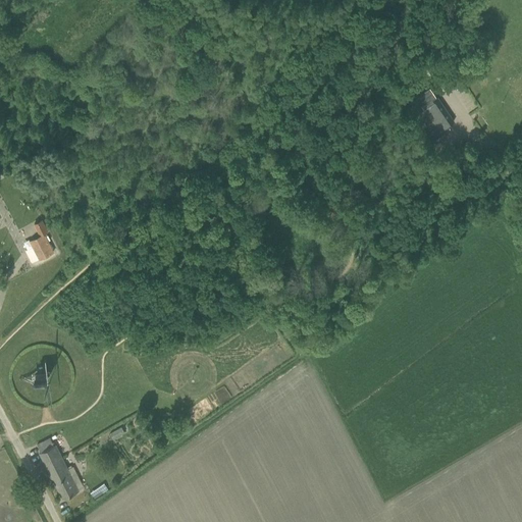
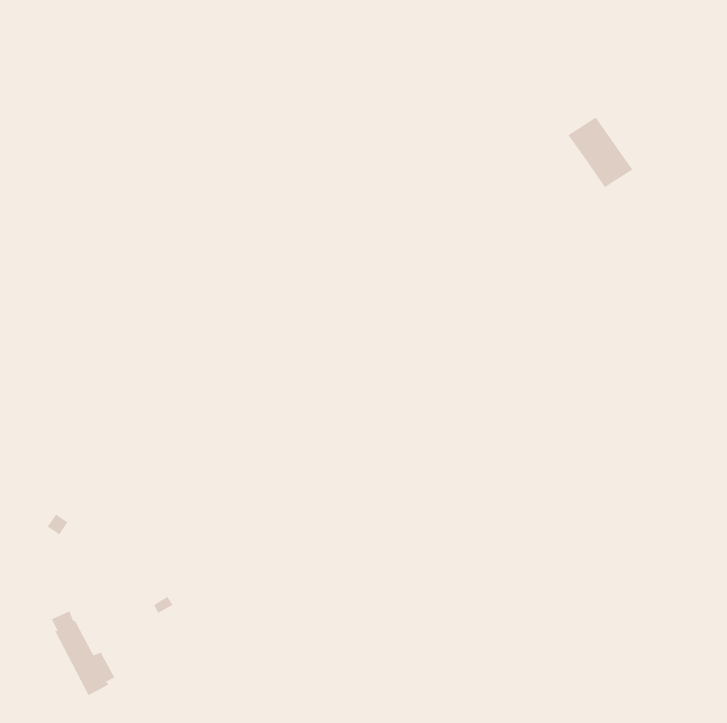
building: [30,222,54,262] -> none

